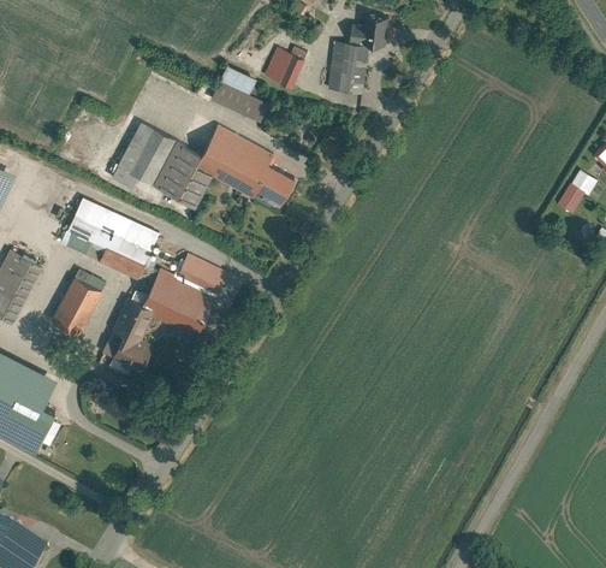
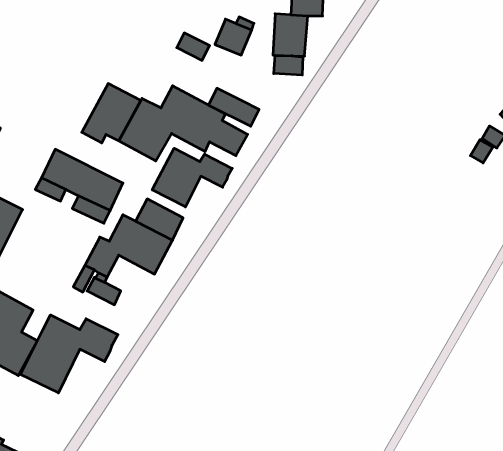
building: [209,81,267,124] -> [208,88,259,126]
building: none -> [274,55,303,75]
building: none -> [152,148,232,207]
building: [54,277,103,335] -> none
building: none -> [20,315,118,393]

